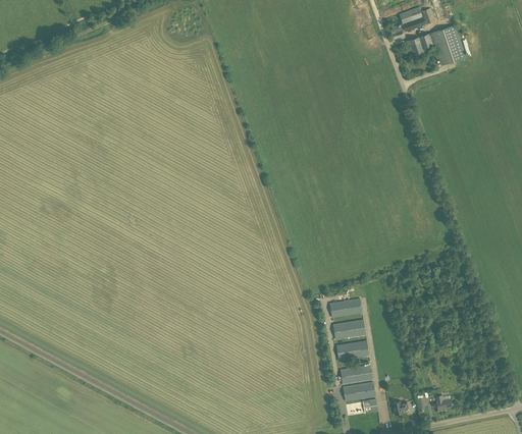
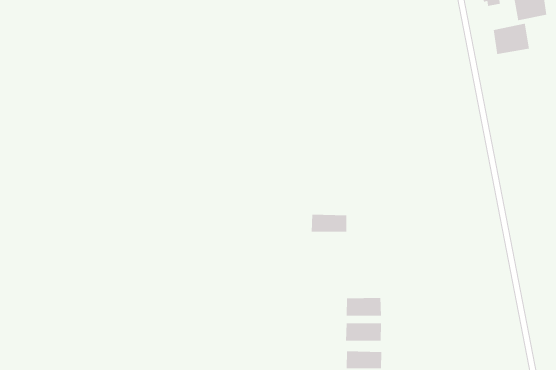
building: none -> [493,23,529,55]
building: [329,299,362,318] -> [311,214,347,232]

